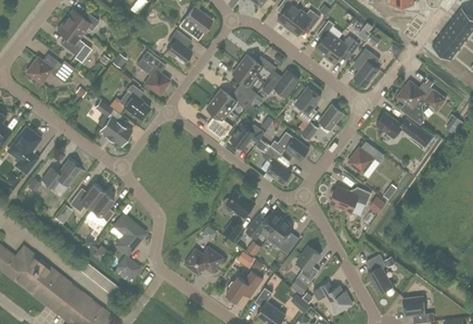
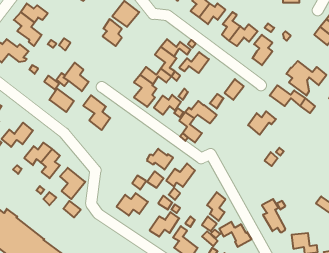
building: [137,51,170,95] -> [83,95,110,130]
building: [296,83,321,122] -> none
building: [330,186,371,212] -> none
building: [267,217,298,253] -> none

